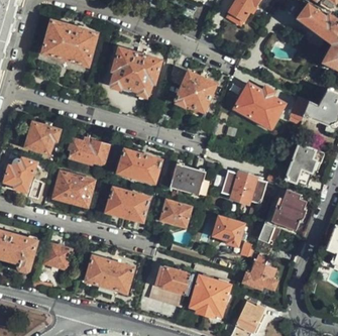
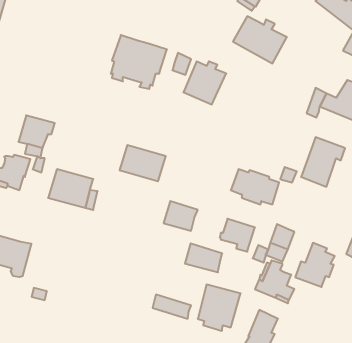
building: [42,20,96,65] -> none
building: [234,84,284,127] -> [233,16,287,63]
building: [68,137,109,163] -> none
building: [170,163,200,194] -> none
building: [106,187,149,221] -> none
building: [270,189,307,229] -> [295,243,335,287]
building: [44,243,70,267] -> none
building: [85,255,133,293] -> none
building: [154,265,189,292] -> [185,244,222,272]

